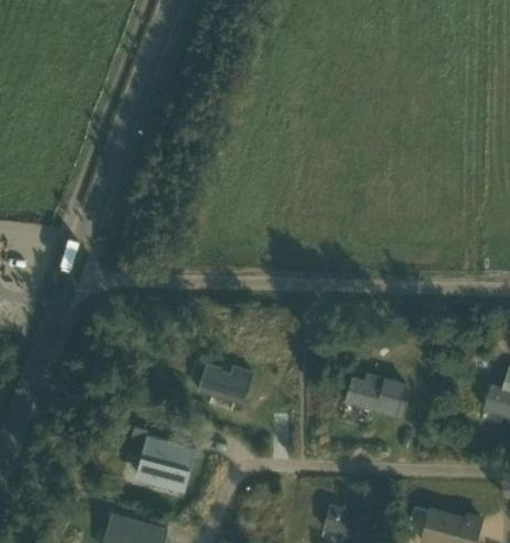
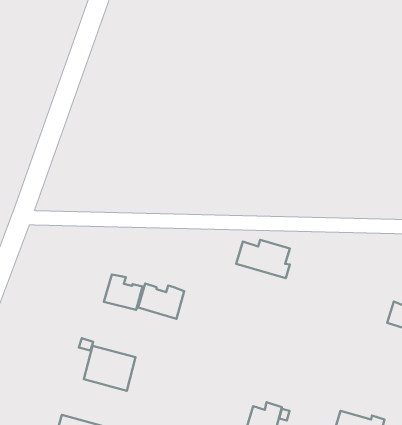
building: none -> [104,275,143,310]
building: [344,375,406,419] -> [236,240,290,278]

